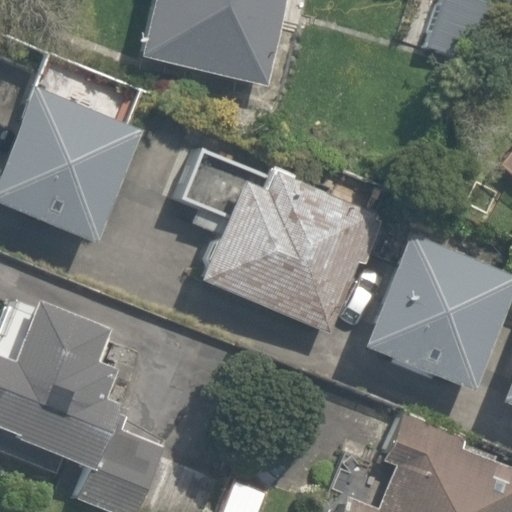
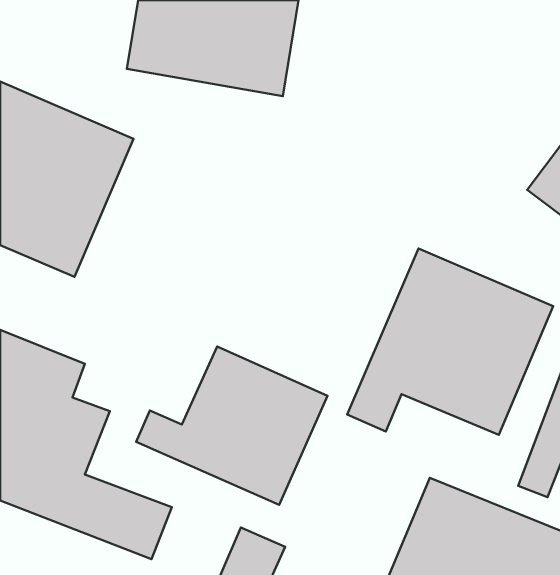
building: [191,156,374,327] -> none
building: none -> [136,346,328,505]

